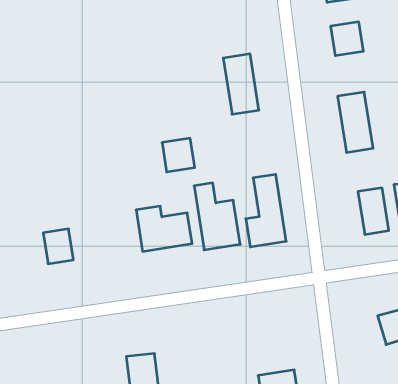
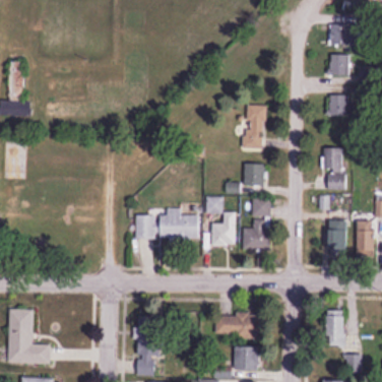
building: [162,138,195,172] -> [243,164,264,186]
building: [43,229,73,264] -> [135,215,154,239]
building: none -> [214,314,258,337]

